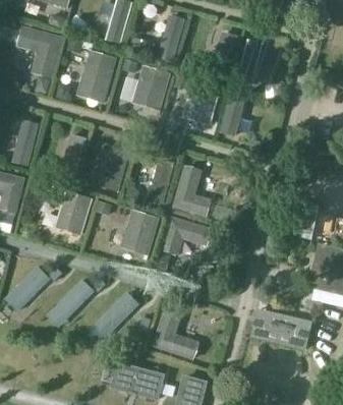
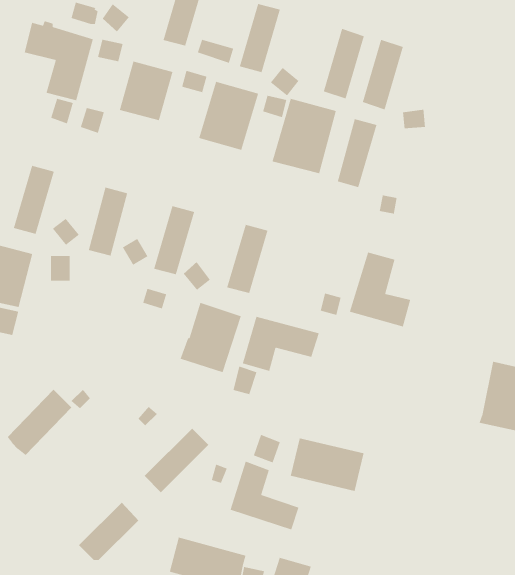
building: [171,167,212,217] -> [349,251,411,328]
building: [54,190,92,236] -> none
building: [54,279,94,317] -> [78,502,139,561]
building: [256,311,305,347] -> [290,437,365,492]

